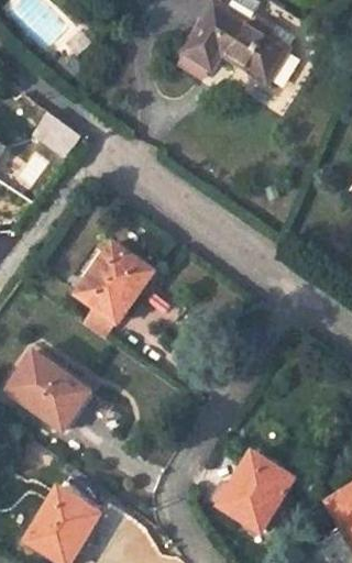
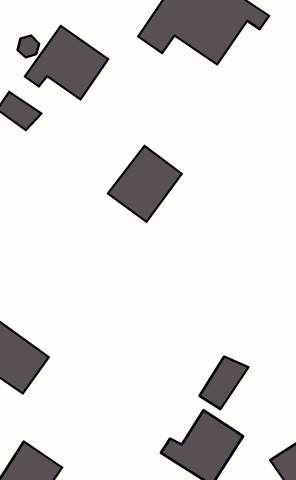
building: none -> [25,26,108,100]
building: [73,245,151,325] -> [108,146,182,222]
building: none -> [199,356,248,409]

